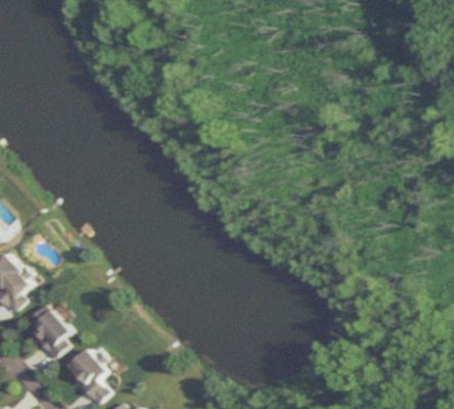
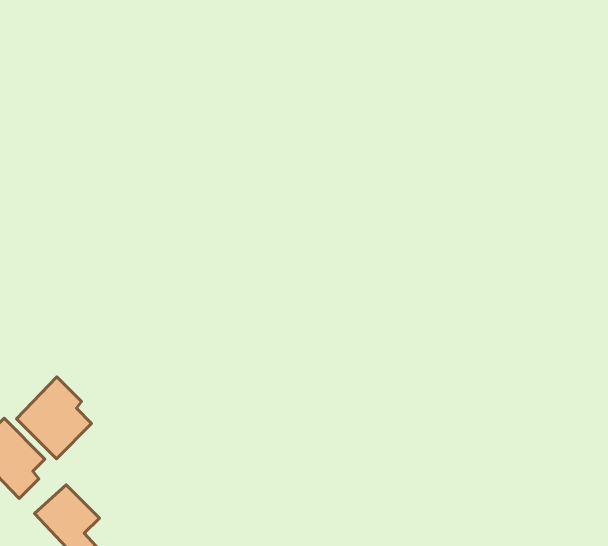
building: none -> [17,377,92,459]

